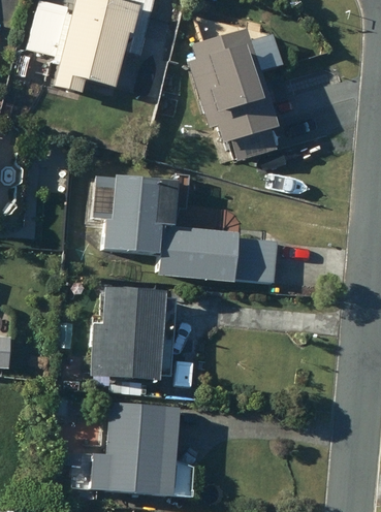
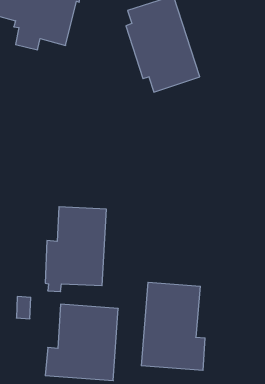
building: [93,175,278,284] -> none
building: none -> [141,282,205,370]

